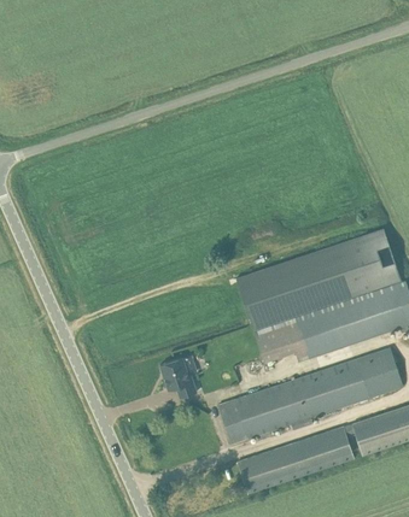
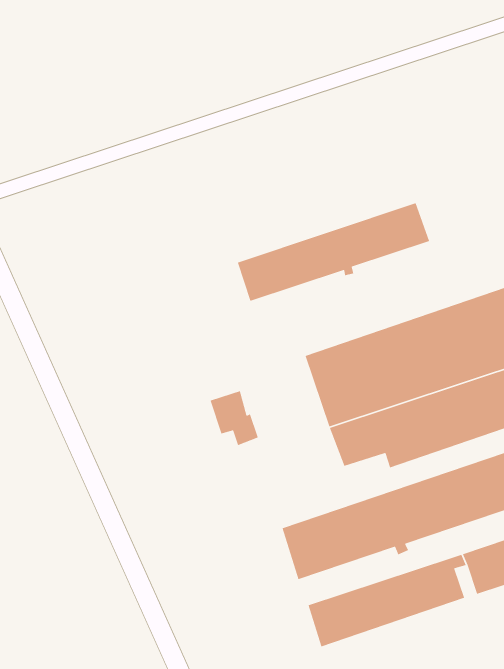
building: none -> [237,202,430,302]
building: [159,357,195,398] -> [209,390,259,446]

